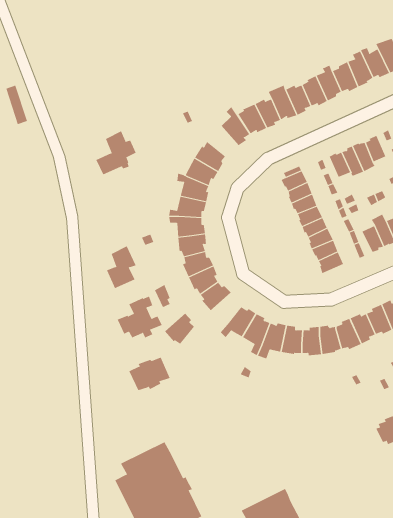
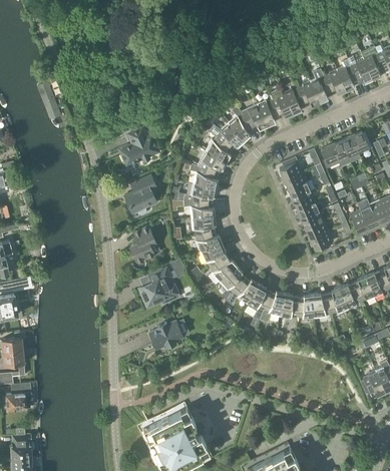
building: none -> [209,123,243,149]
building: none -> [123,175,156,214]
building: [164,313,195,344] -> [219,266,245,293]

